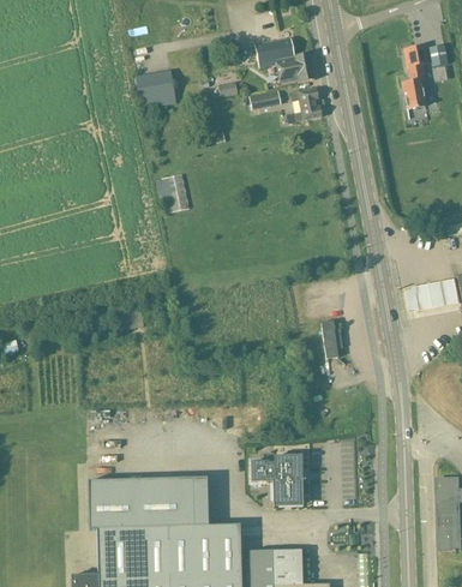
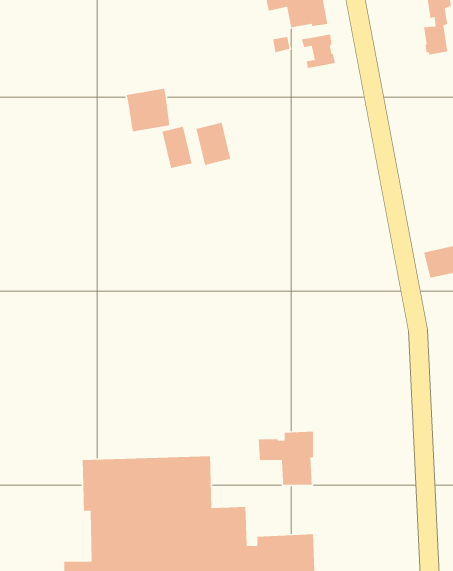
building: [134,70,175,110] -> [126,88,170,132]
building: none -> [196,122,231,166]
building: [320,321,341,359] -> none

